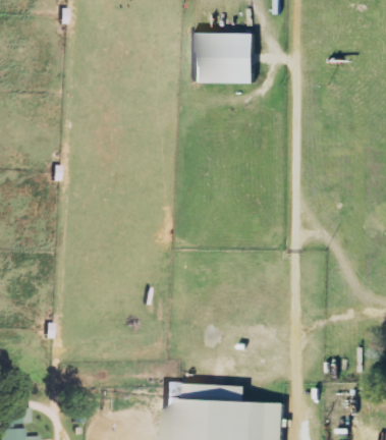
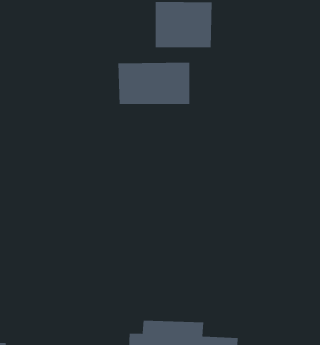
building: none -> [118,62,190,105]

